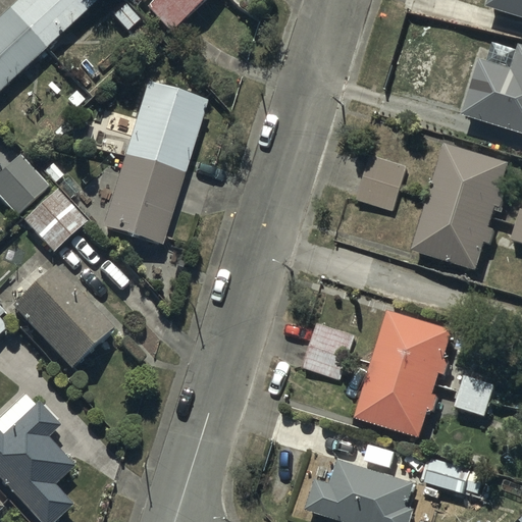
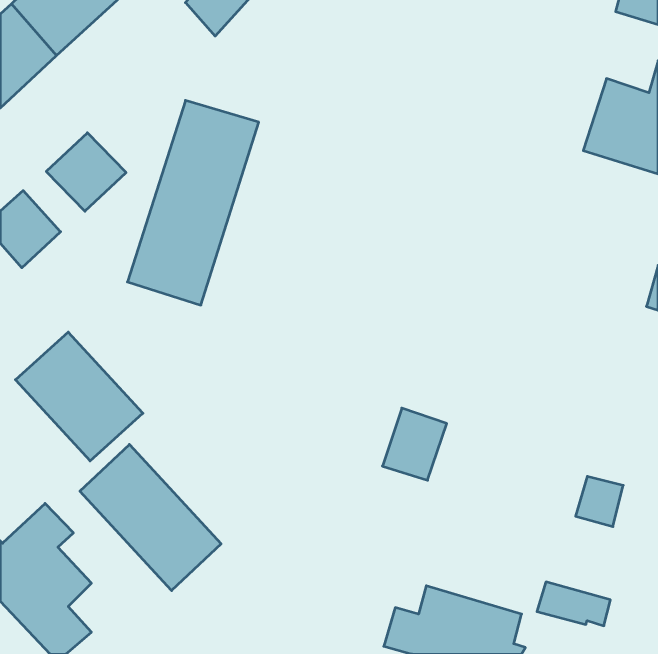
building: [413,148,509,272] -> none
building: [359,157,406,211] -> none
building: [22,186,86,248] -> [46,133,126,211]
building: [355,312,454,439] -> none
building: none -> [80,444,221,591]

